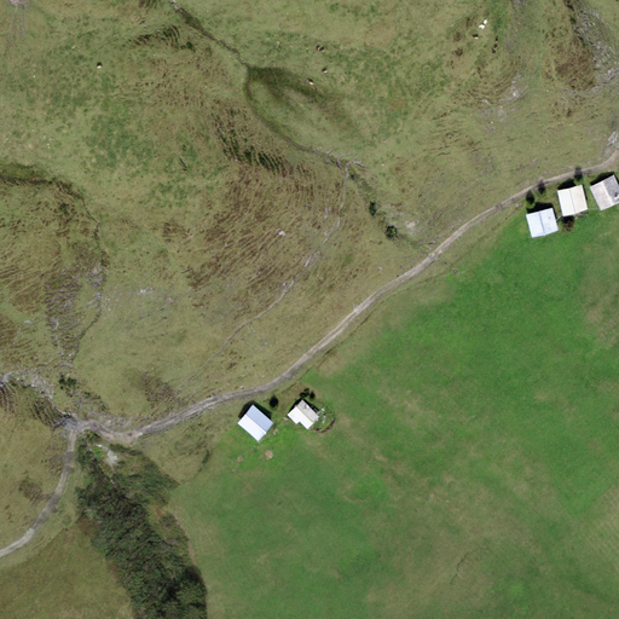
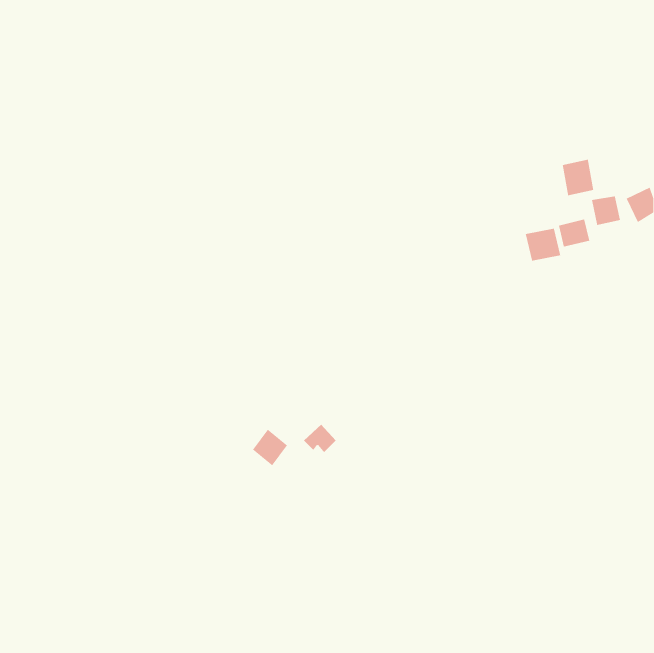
building: none -> [562,159,594,196]
building: none -> [525,228,561,262]

